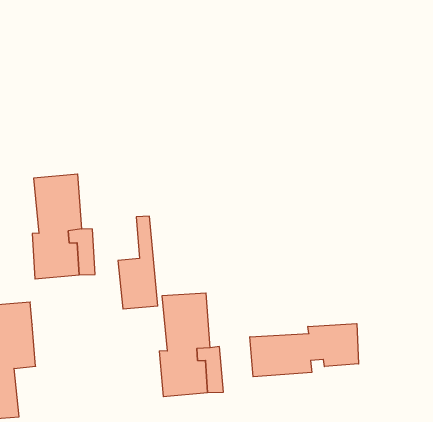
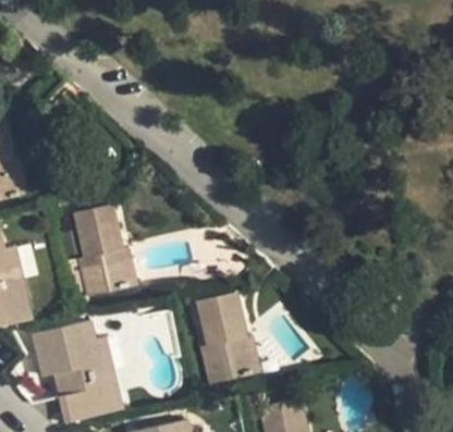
building: [118,216,158,309] -> [82,334,120,414]
building: [250,324,359,377] -> none

